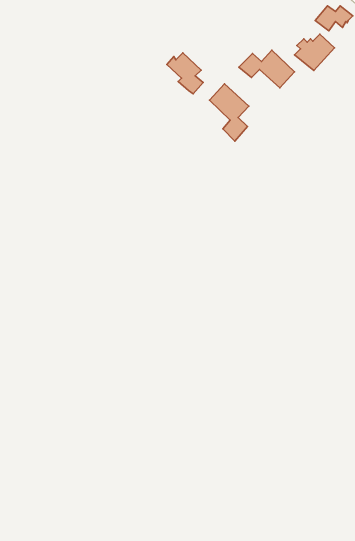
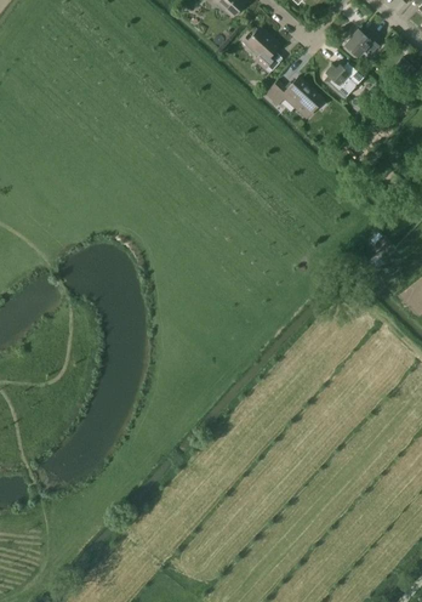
building: [167,53,203,94] -> [241,28,280,72]
building: [210,84,249,141] -> none

